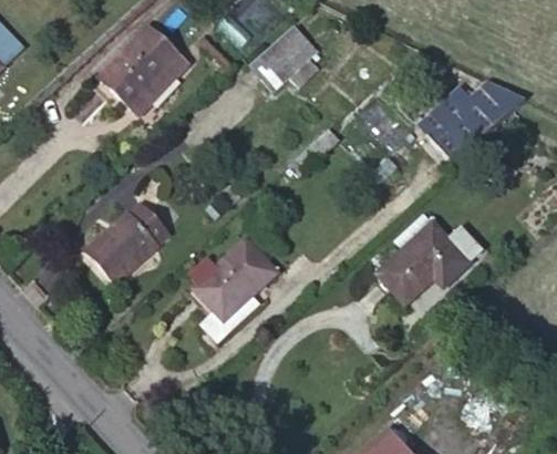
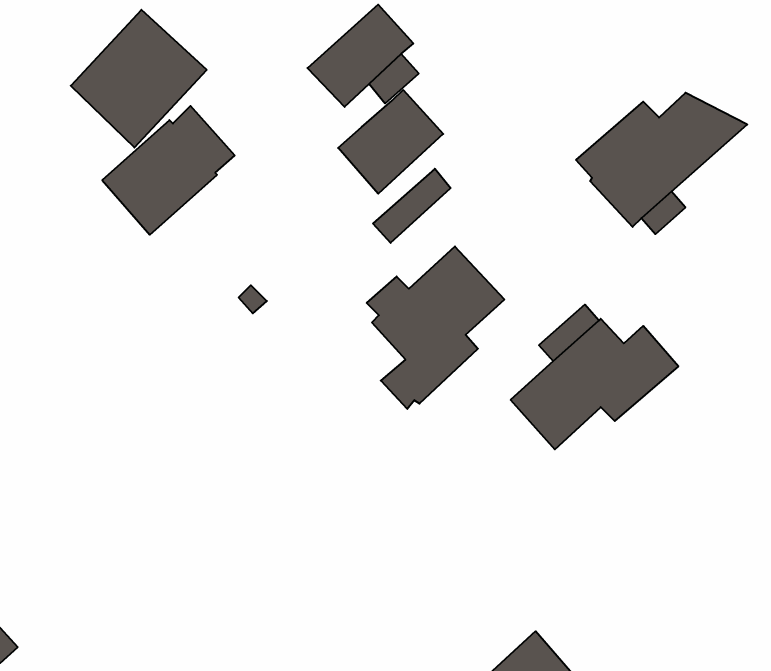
building: none -> [338,90,443,194]
building: [85,204,168,285] -> [102,106,235,235]
building: [189,239,276,341] -> [367,246,504,409]

